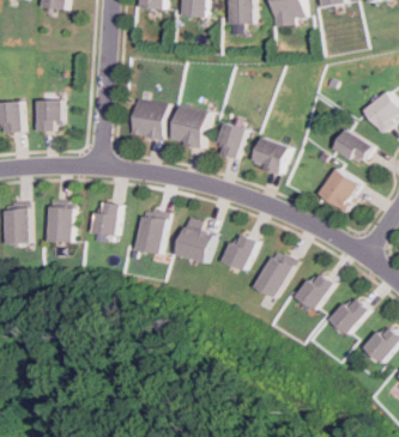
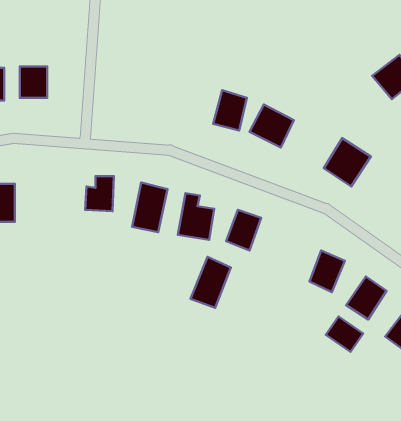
building: [126,98,163,139] -> none
building: [165,104,204,147] -> none
building: [327,128,365,164] -> none
building: [48,207,74,242] -> none
building: [256,249,294,296] -> [190,257,231,308]
building: none -> [326,317,363,352]

